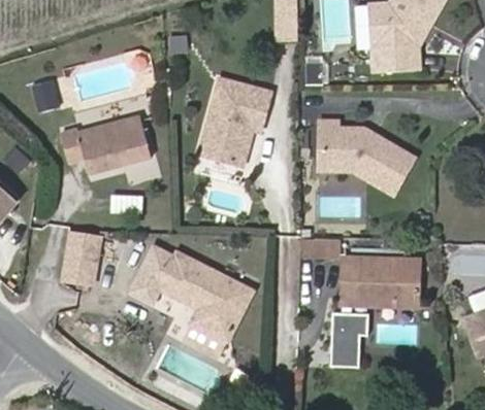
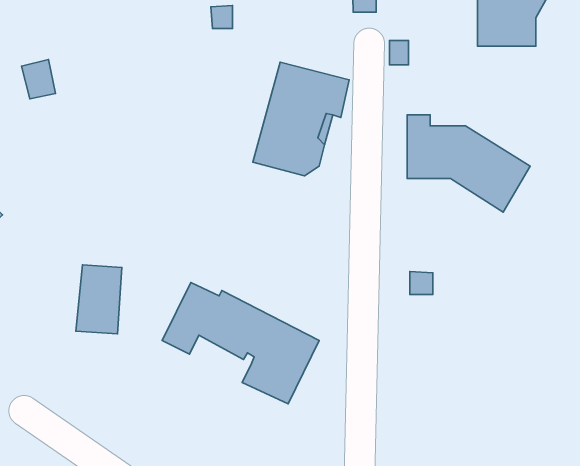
building: [57,115,152,173] -> none
building: [343,260,419,306] -> none
building: [329,312,365,368] -> none

